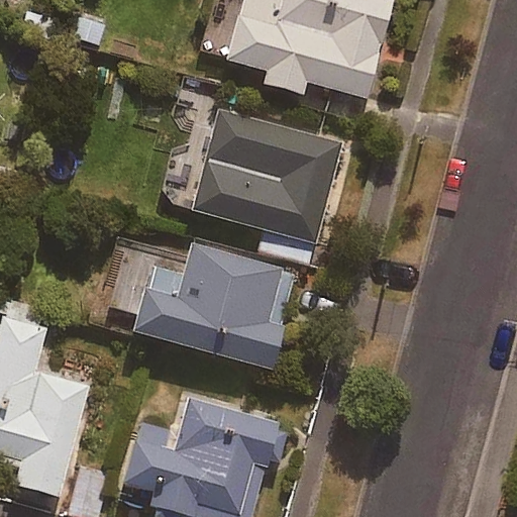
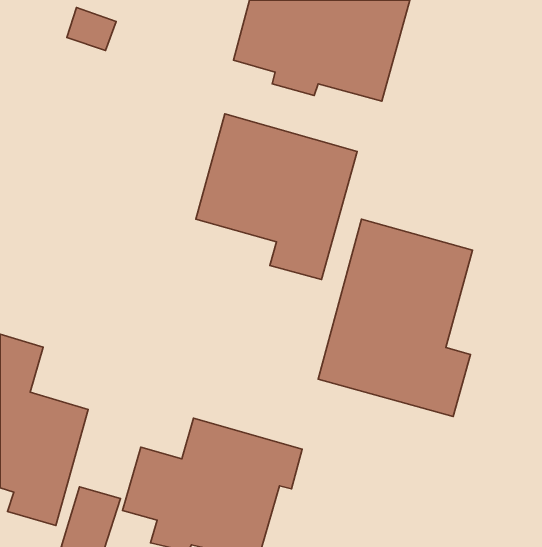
building: none -> [318,219,473,417]
building: [107,241,297,368] -> none

